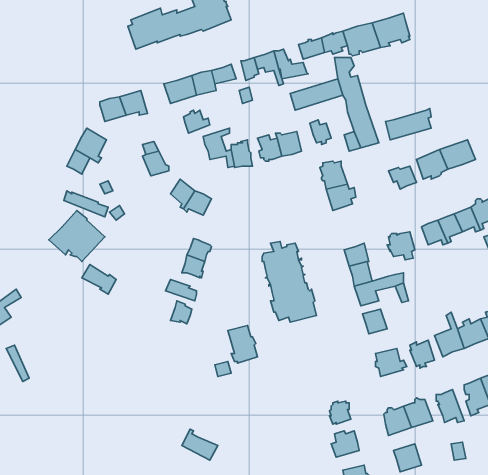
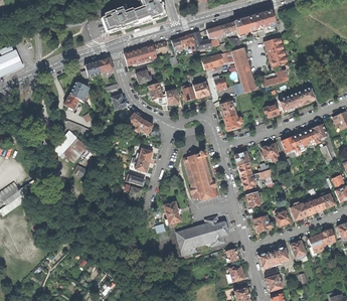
building: none -> [266,37,285,66]
building: none -> [176,215,228,256]

